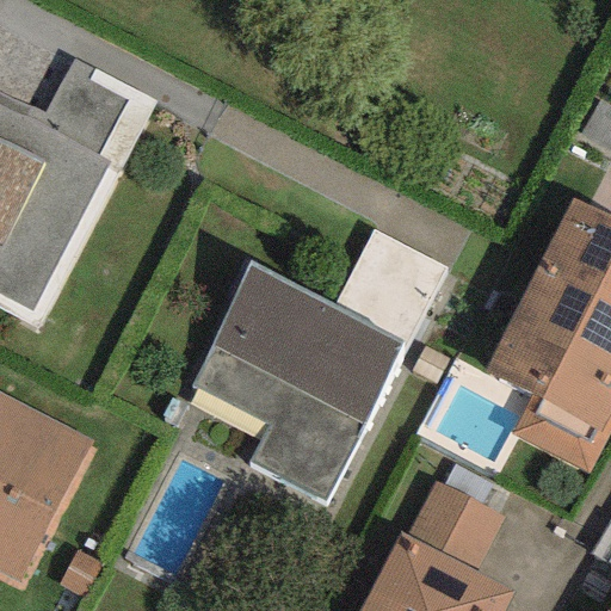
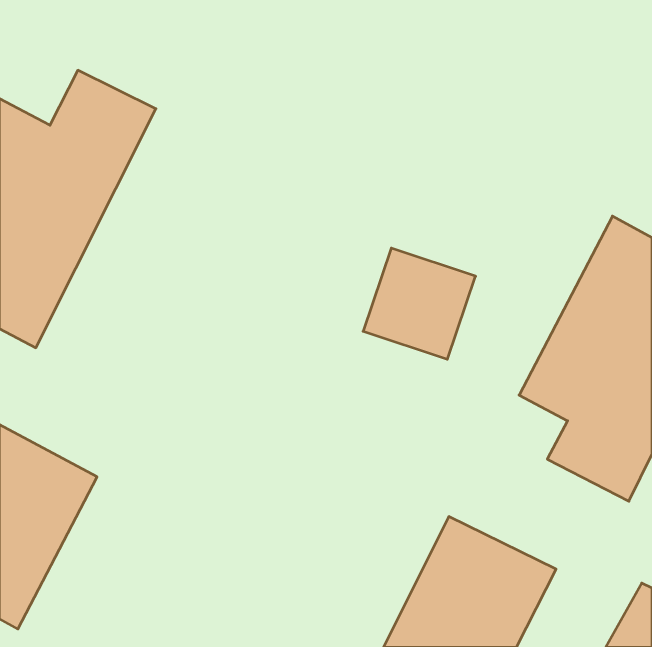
building: [197,271,407,492] -> none

